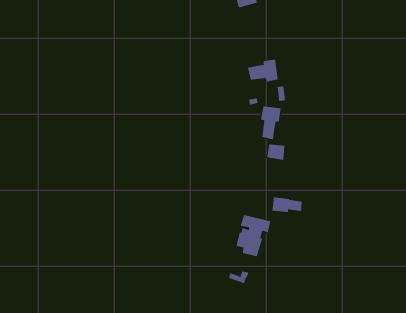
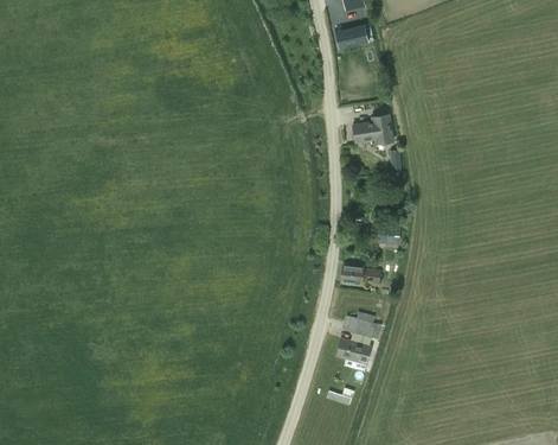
building: [260,106,281,140] -> none
building: [271,197,303,213] -> [340,263,380,284]

